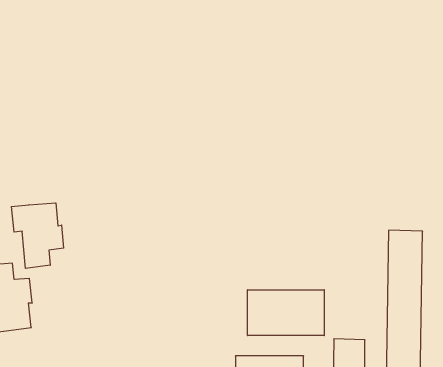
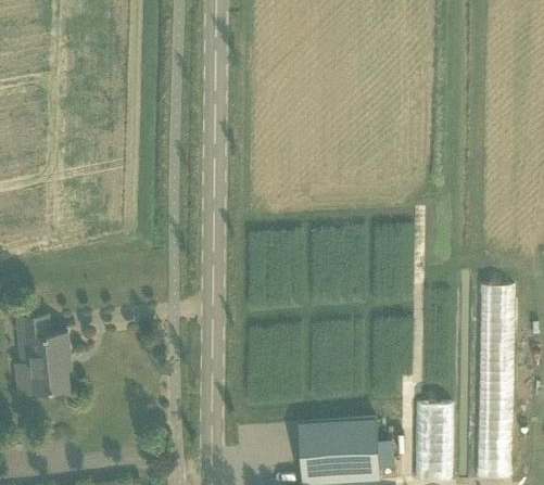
building: [11,203,64,268] -> none
building: [248,290,324,336] -> none

